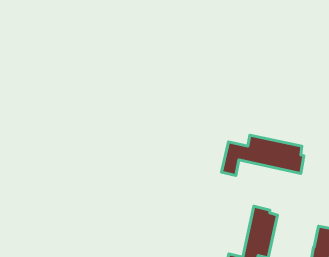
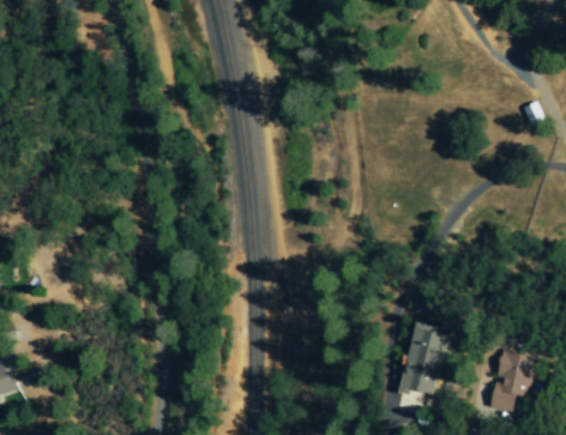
building: [222,135,304,175] -> none

